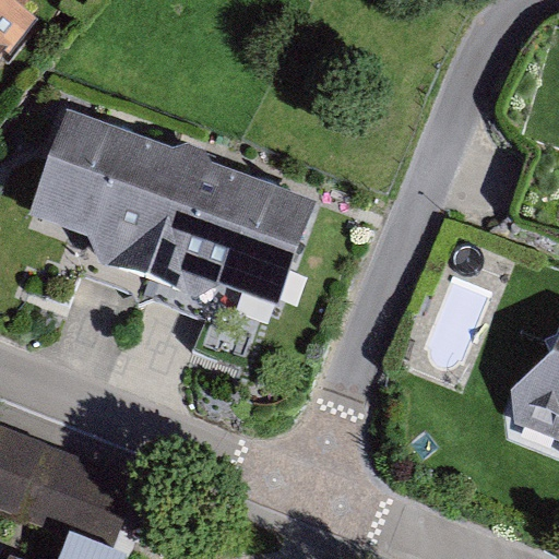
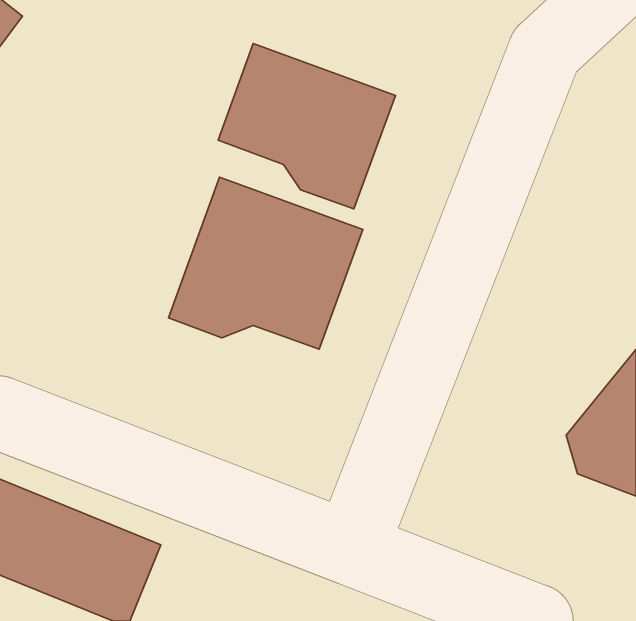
building: none -> [218,44,396,209]
building: [29,110,192,278] -> none

